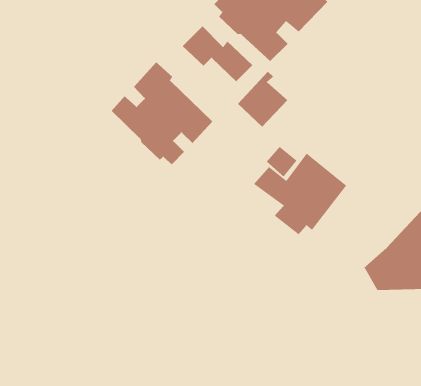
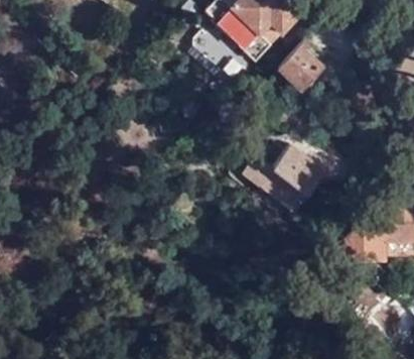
building: [111,62,213,165] -> none
building: [237,71,288,127] -> [280,40,325,91]

